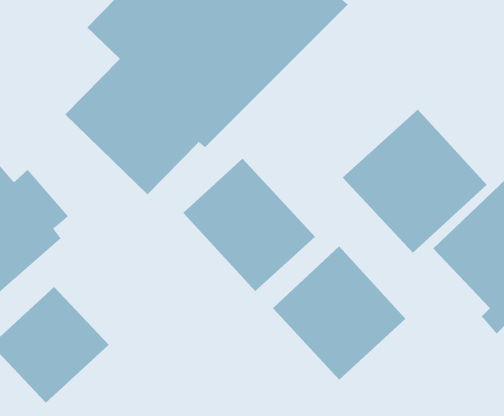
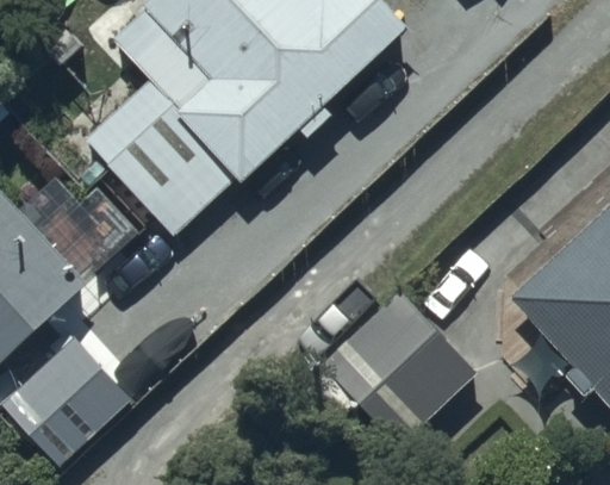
building: [342,109,488,254] -> none
building: [183,158,316,292] -> none

